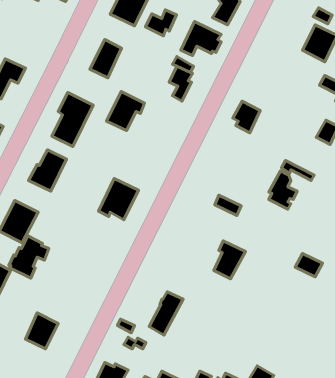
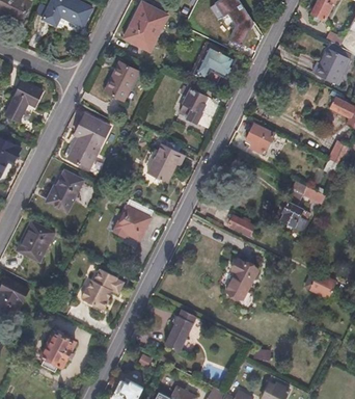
building: [145,10,176,36] -> none
building: [106,91,145,131] -> [147,143,185,182]
building: [9,236,49,278] -> [82,268,121,310]

